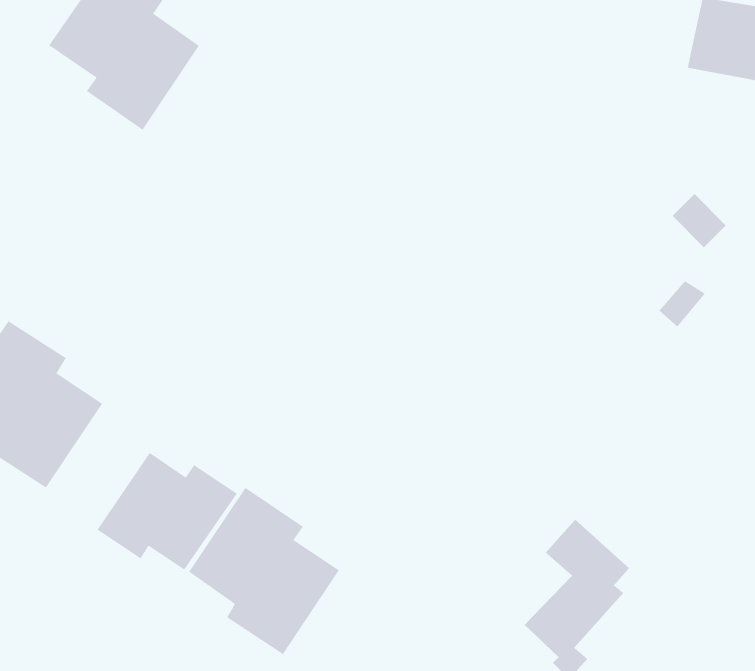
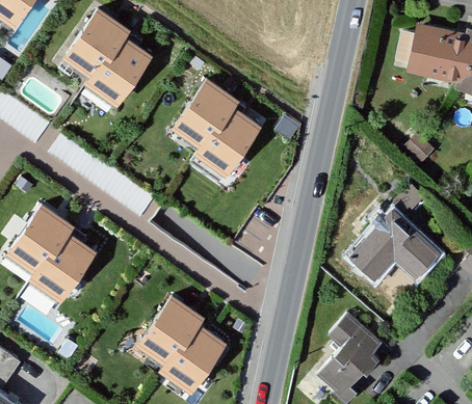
building: none -> [173,81,257,173]
building: none -> [356,212,440,276]
building: [96,452,238,570] -> none

